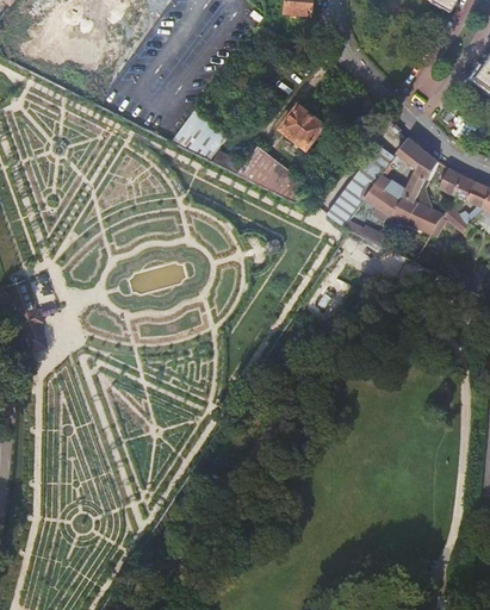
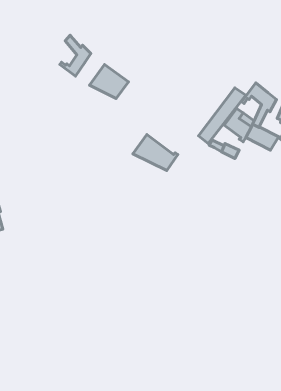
building: none -> [60,35,91,76]
building: [277,108,323,155] -> none
building: [236,147,300,198] -> [133,135,178,170]

